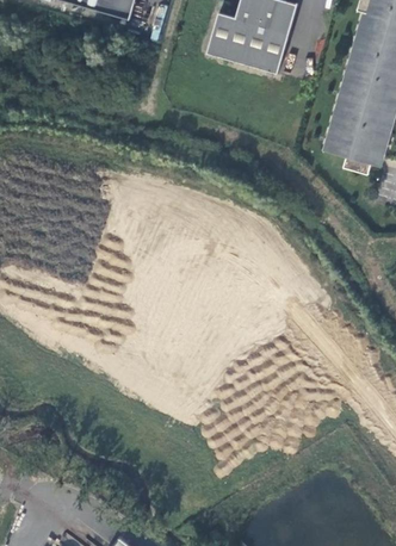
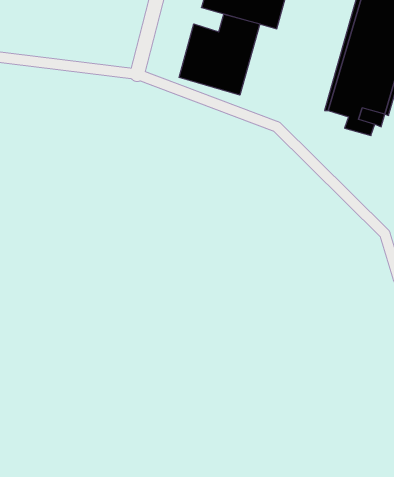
building: none -> [179,14,260,95]

